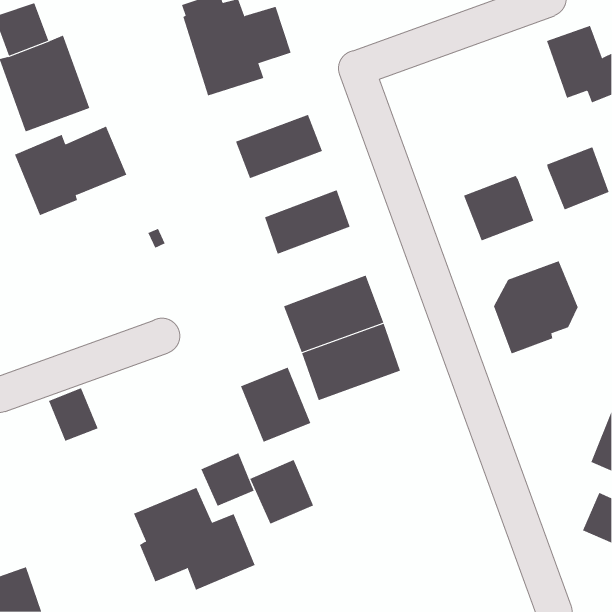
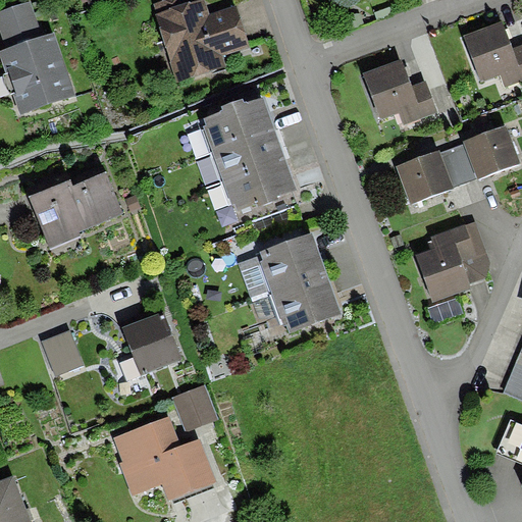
building: none -> [361,58,438,126]
building: [14,126,127,216] -> [28,171,123,248]
building: none -> [212,128,286,185]
building: none -> [440,143,479,188]
building: [240,367,311,442] -> [121,311,181,375]
building: [249,459,314,524] -> none

